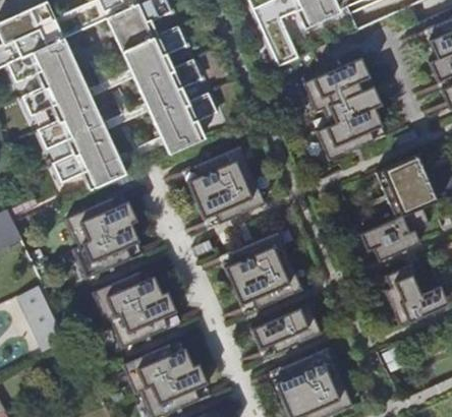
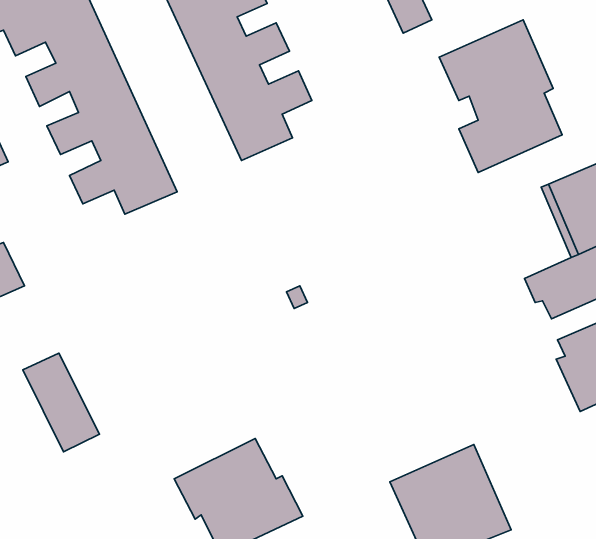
building: [183,145,265,227] -> none
building: [66,195,145,283] -> none
building: [221,231,302,312] -> none
building: [94,272,180,350] -> none
building: [251,302,321,357] -> none

